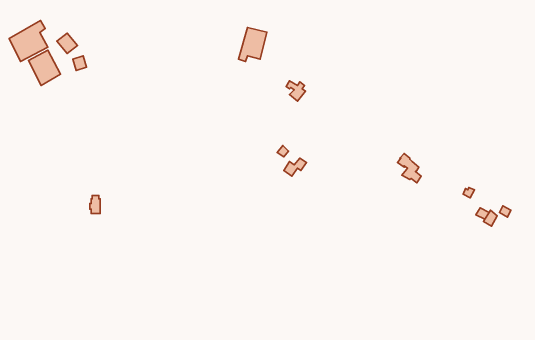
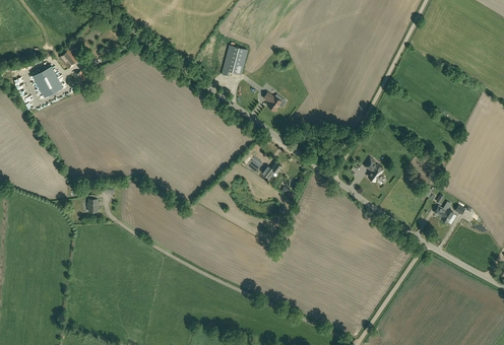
building: [9,21,48,61] -> none

